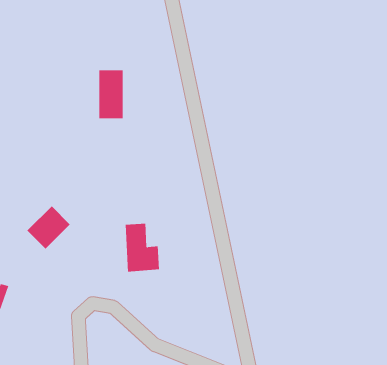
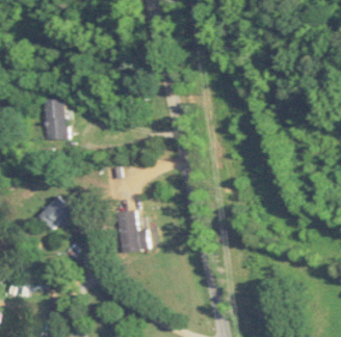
building: [98,70,124,119] -> [44,100,64,140]

